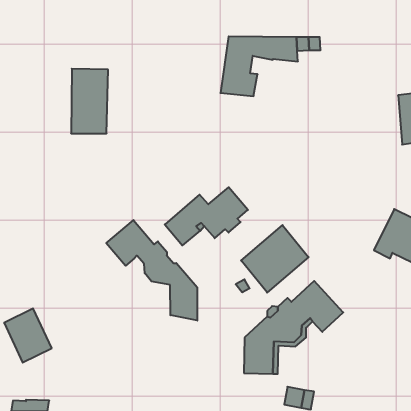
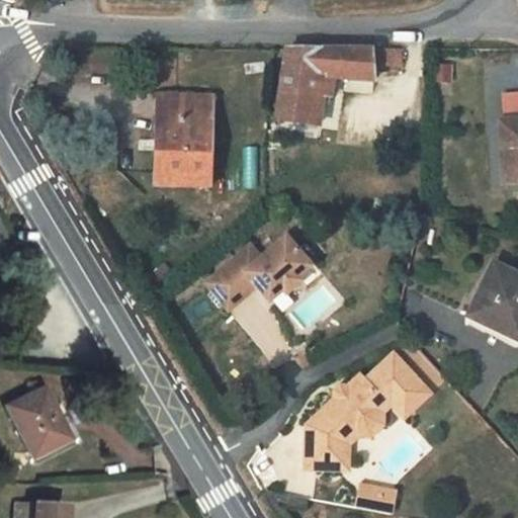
building: [71,69,108,133] -> [165,95,211,176]
building: [106,220,197,321] -> none
building: [241,225,309,293] -> none

